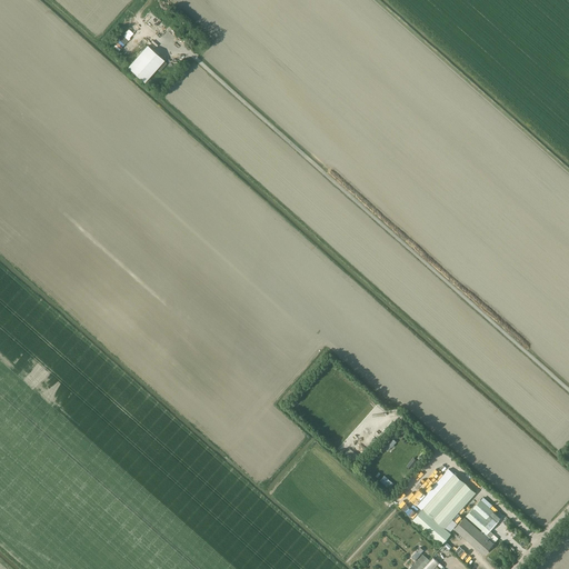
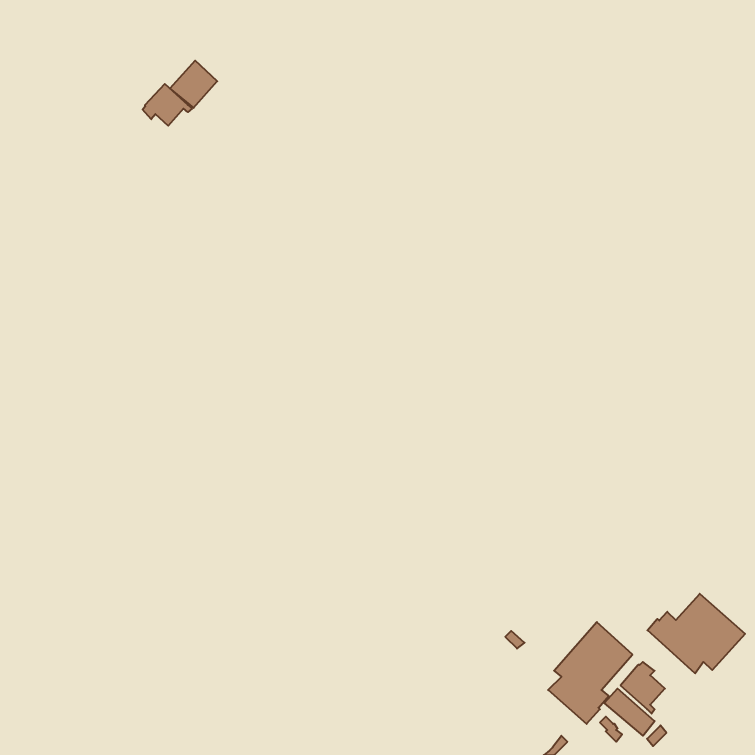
building: none -> [143,84,192,126]
building: none -> [647,594,745,673]

